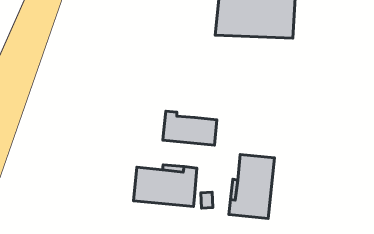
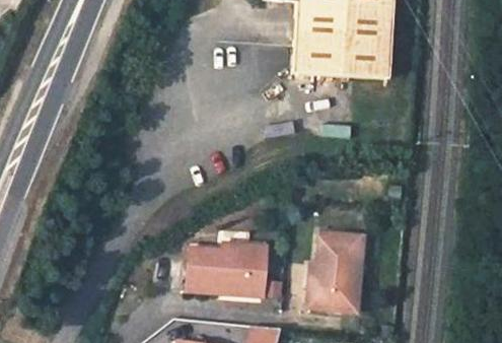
building: [163,111,217,145] -> none

